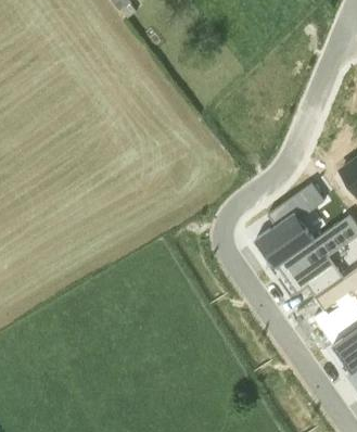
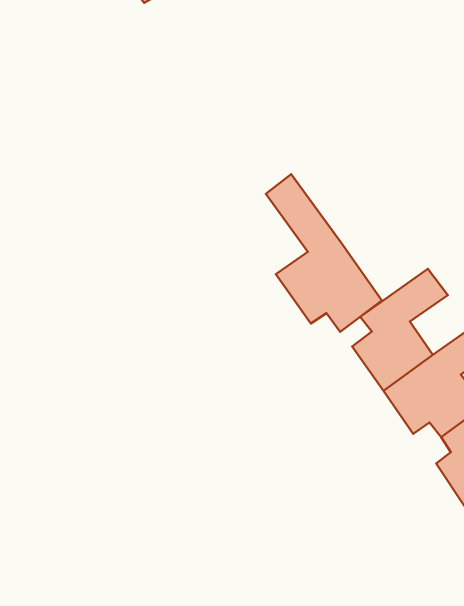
building: none -> [266,174,382,332]

